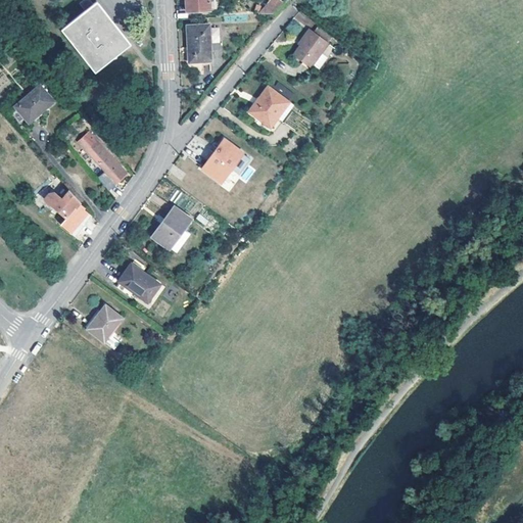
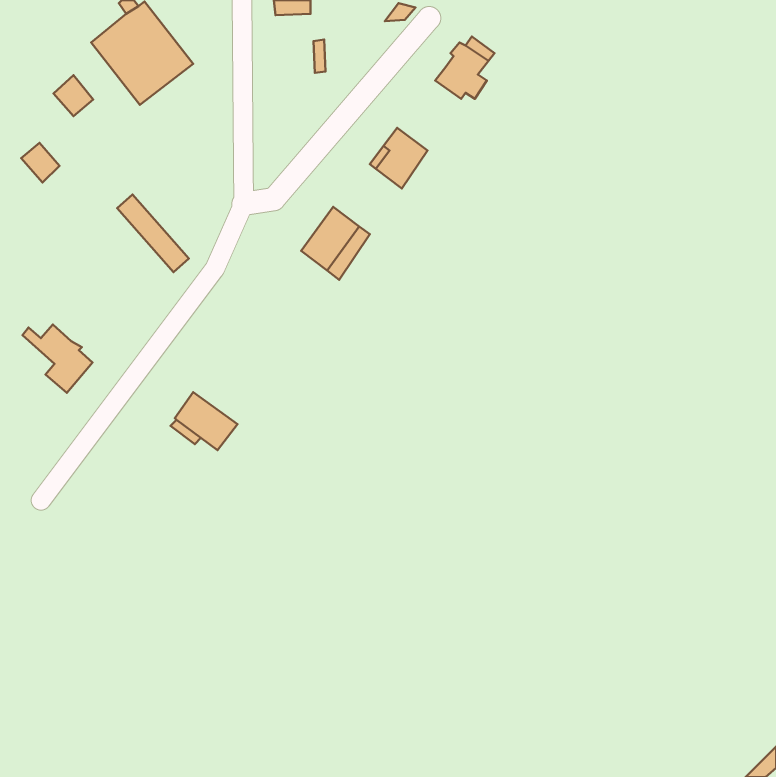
building: [186,23,210,61] -> none
building: [27,84,53,111] -> [54,75,93,116]
building: [45,190,92,236] -> [23,324,93,393]
building: [152,206,190,249] -> none
building: [87,304,122,349] -> none

